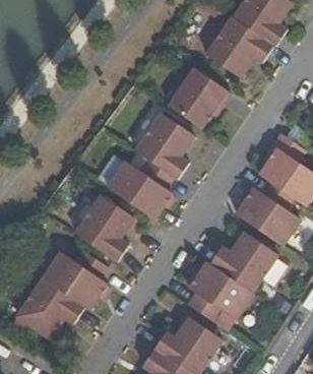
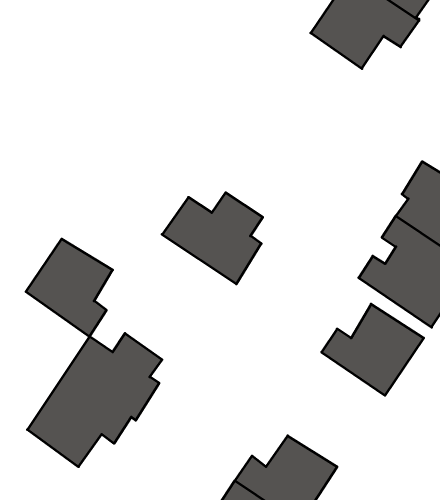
building: [169,66,227,127] -> none
building: [135,111,194,178] -> none
building: [76,196,133,260] -> [26,239,113,337]
building: [190,263,254,322] -> none

